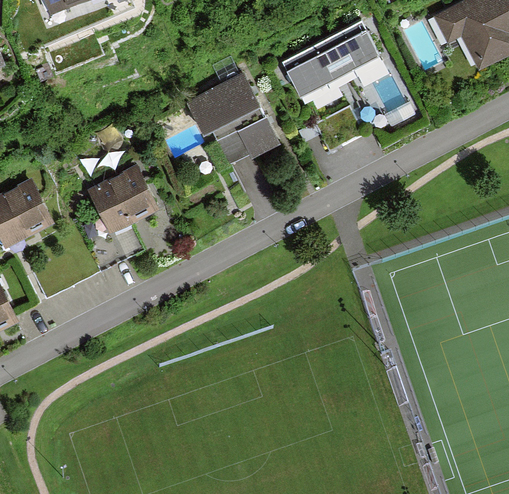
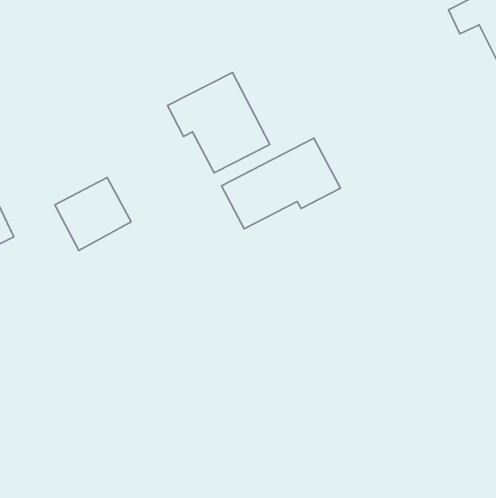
building: [281,23,376,96] -> none
building: none -> [221,138,340,229]

